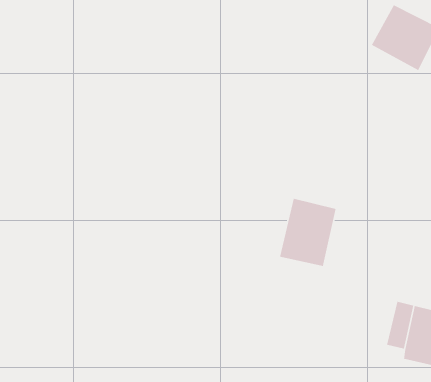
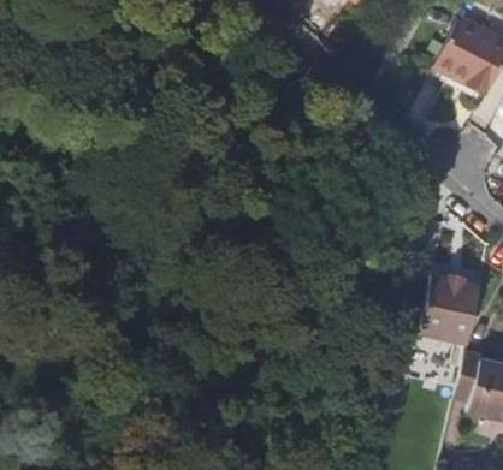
building: [279,198,336,267] -> [414,268,478,345]

